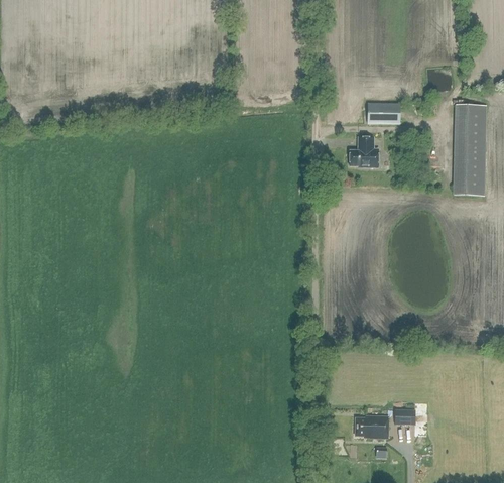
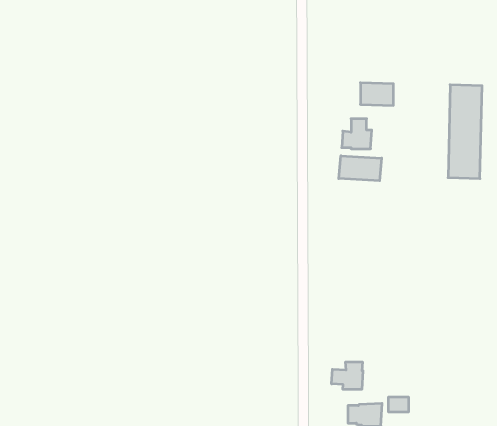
building: none -> [339,156,382,181]
building: none -> [332,362,363,389]

